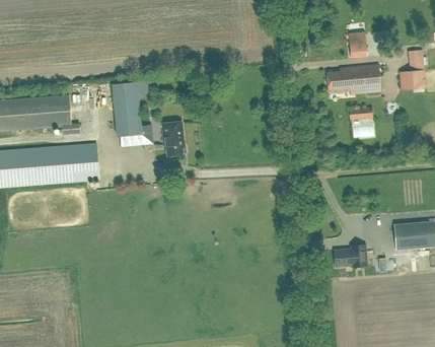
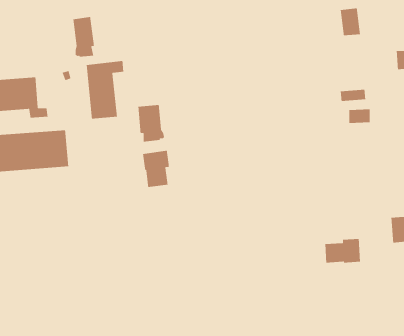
building: none -> [72,16,95,58]
building: [327,64,381,93] -> none
building: none -> [142,150,170,188]

